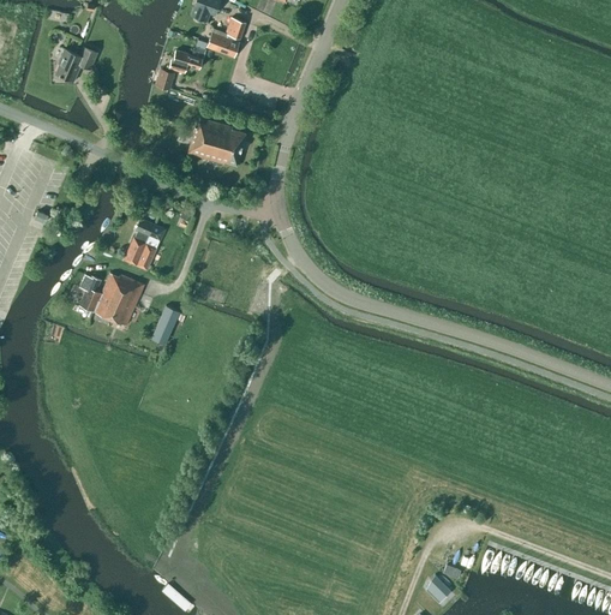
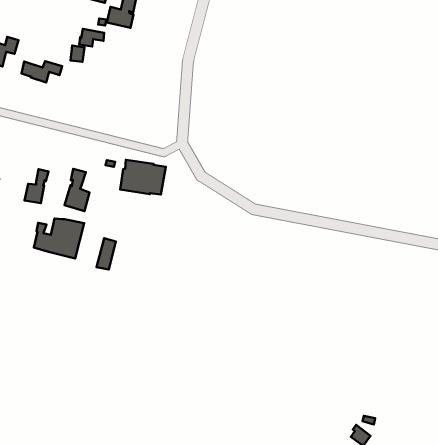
building: none -> [21,61,62,82]
building: [187,118,246,166] -> [120,160,166,195]
building: none -> [25,169,49,203]

